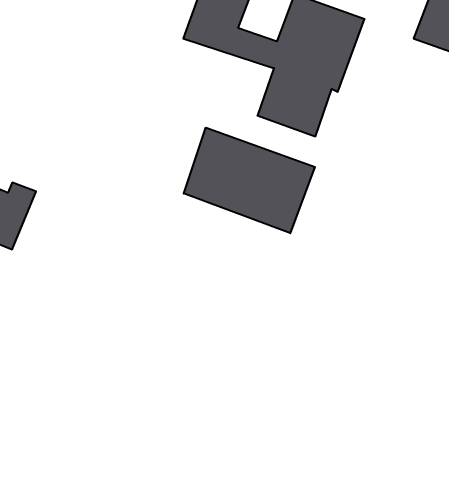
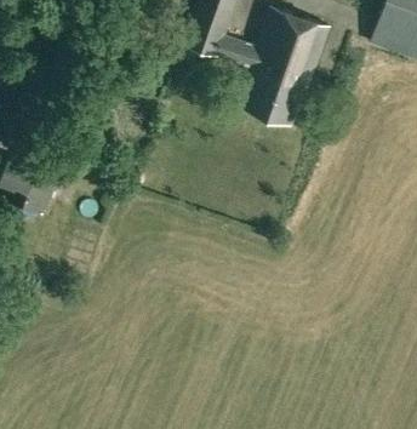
building: [184,128,315,233] -> none

